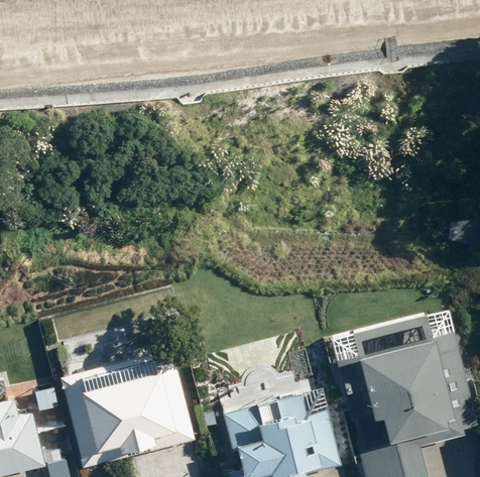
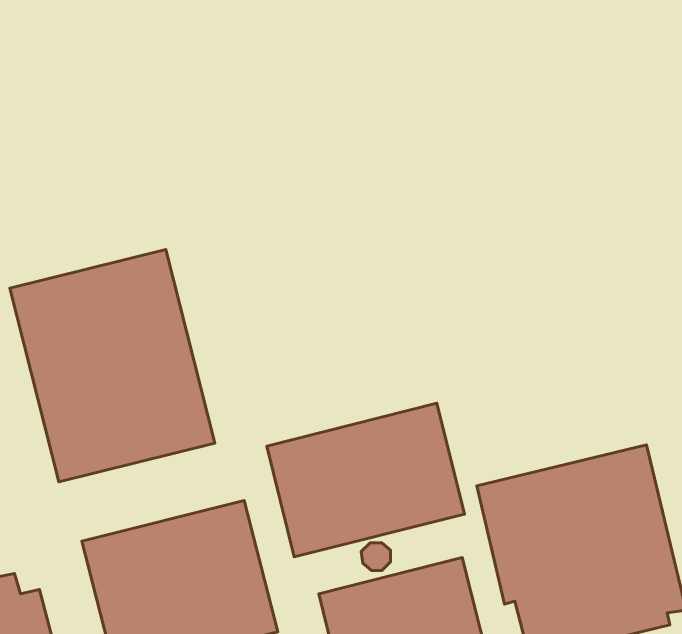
building: none -> [10,249,215,482]
building: none -> [267,403,464,557]

